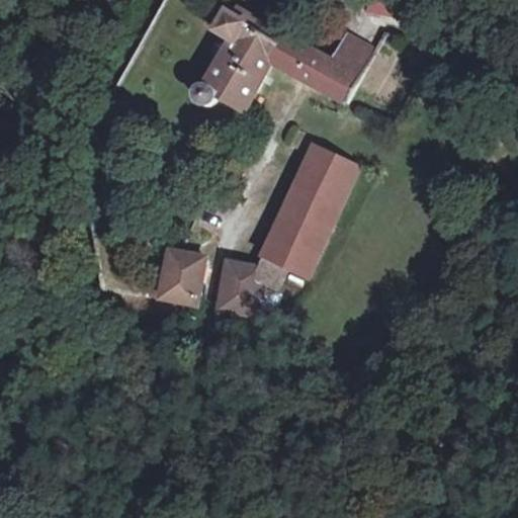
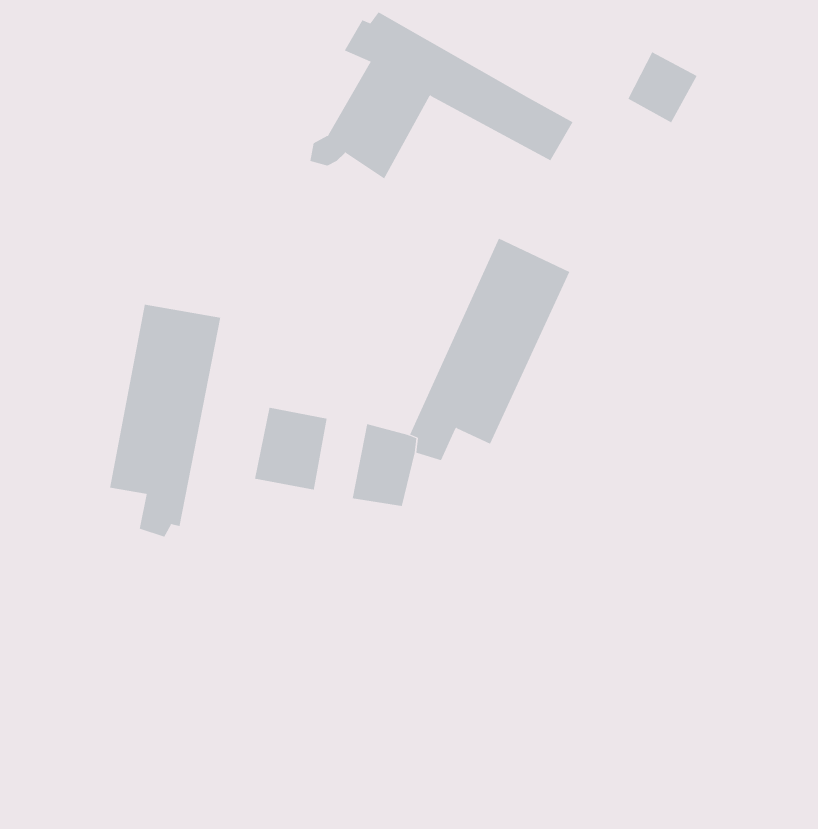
building: [329,31,372,76] -> [627,51,697,123]
building: none -> [110,304,221,537]

